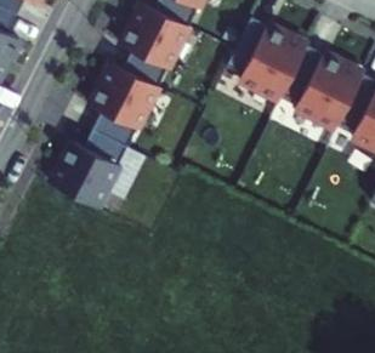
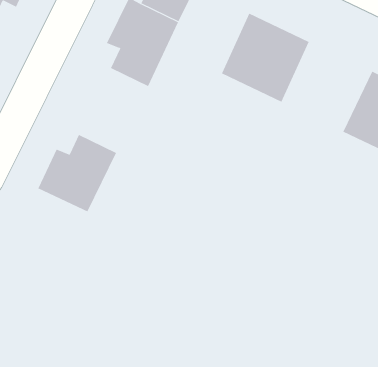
building: [283,47,365,130] -> none
building: [93,67,160,149] -> none

